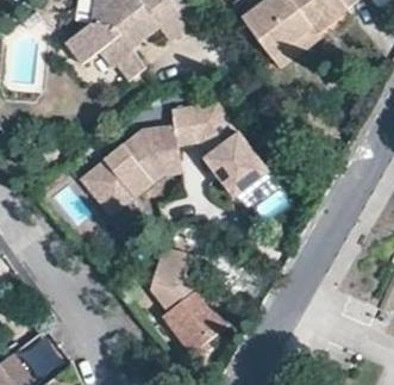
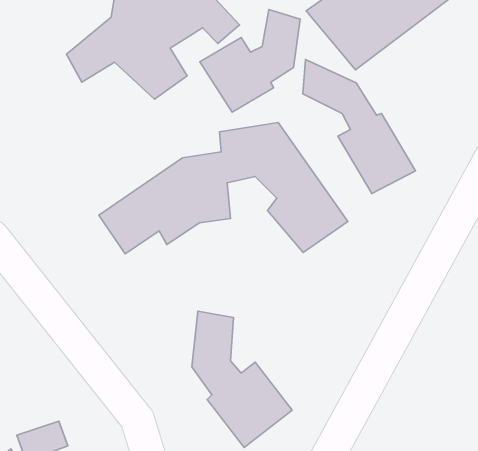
building: none -> [200,10,300,112]
building: none -> [303,59,416,193]

